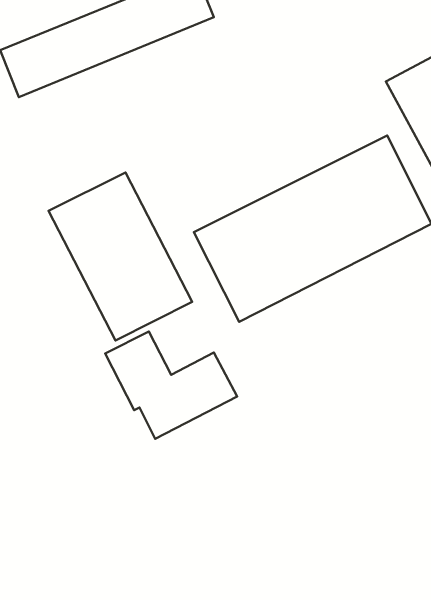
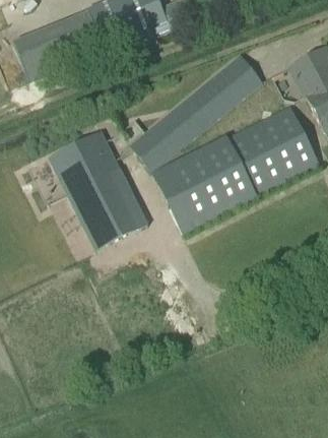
building: none -> [129,53,262,172]
building: [105,332,237,439] -> none

